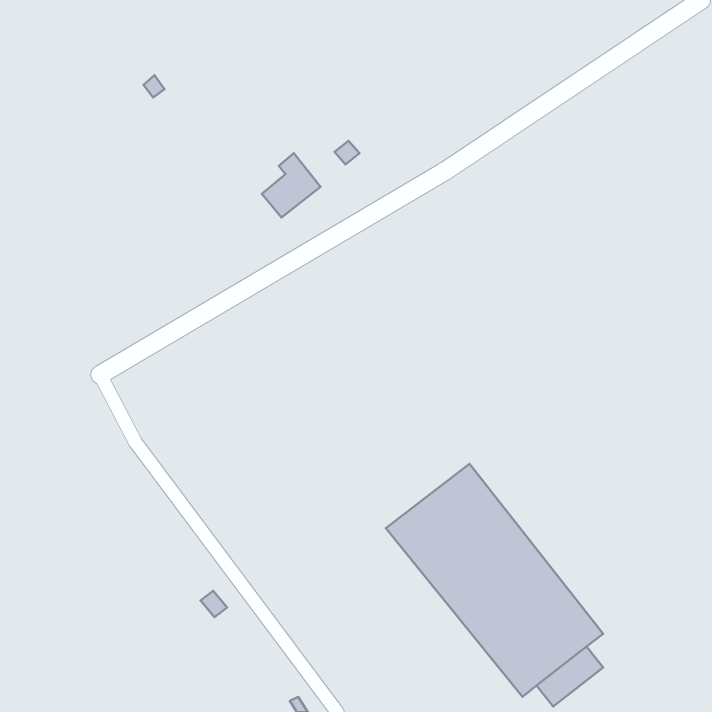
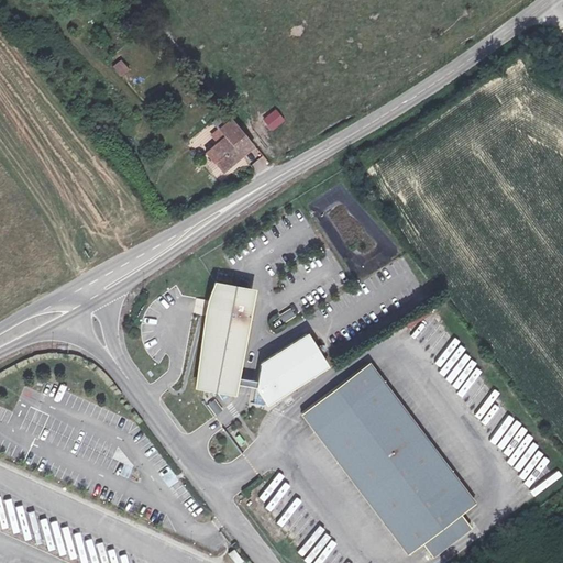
building: none -> [191,283,252,408]
building: none -> [255,336,324,407]

